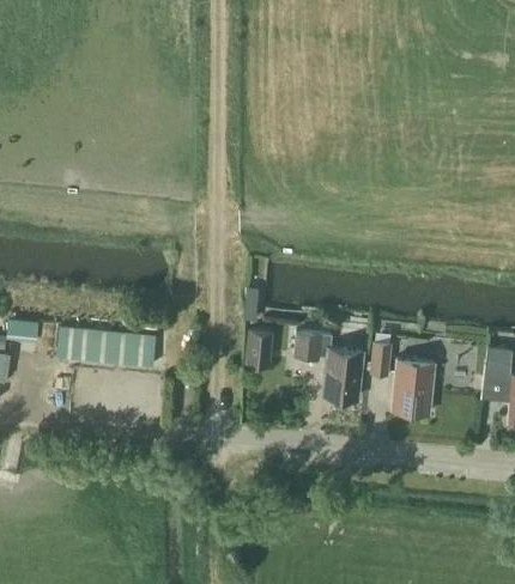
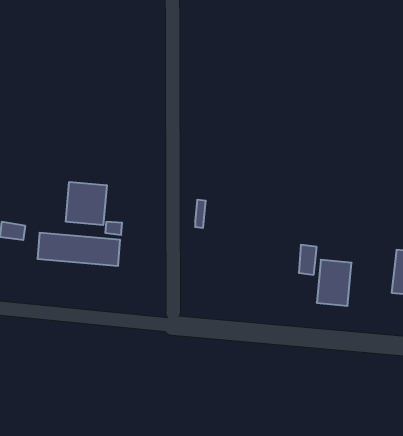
building: none -> [66,182,107,225]
building: [247,331,271,366] -> none
building: [293,333,362,401] -> none

